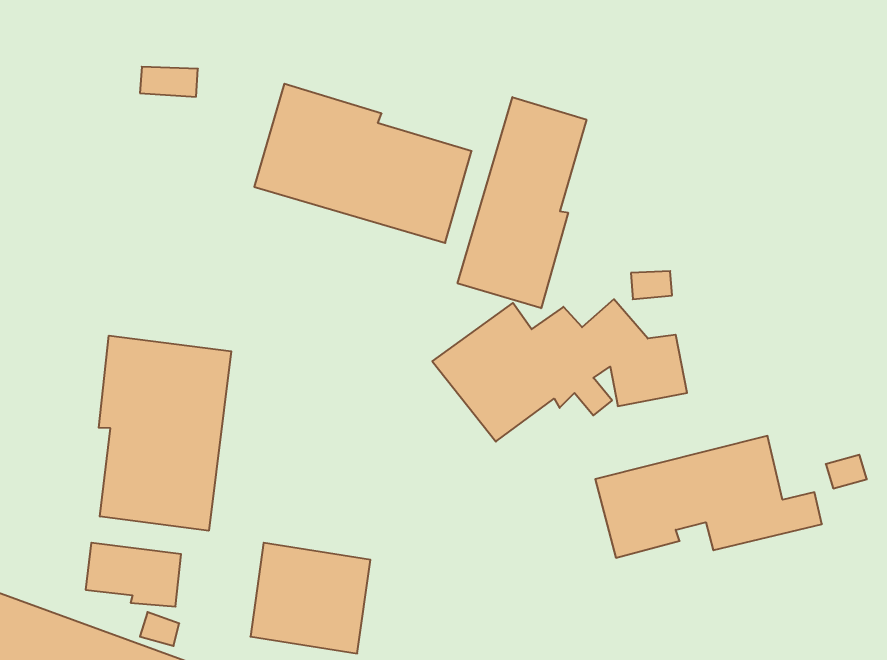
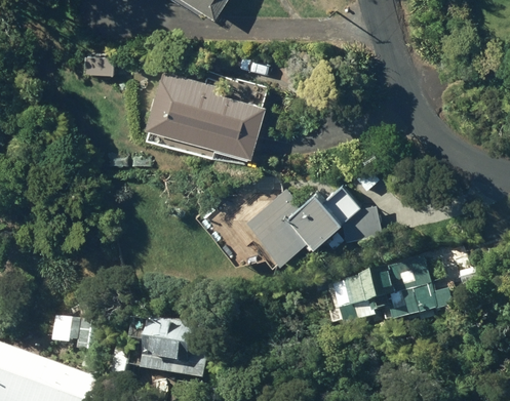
building: [458,97,586,308] -> none
building: [99,336,231,531] -> none

